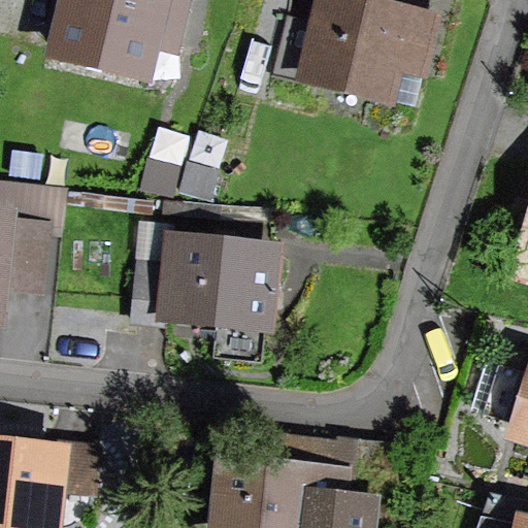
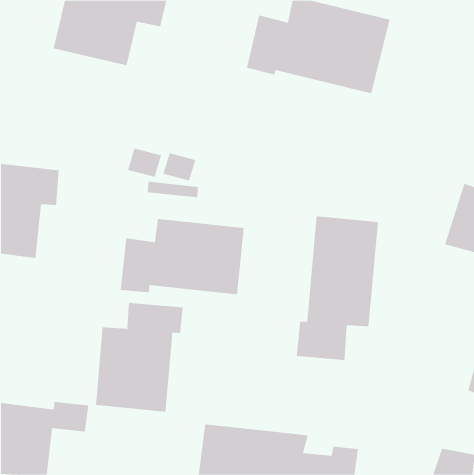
building: none -> [296,215,378,361]
building: none -> [95,302,183,412]

